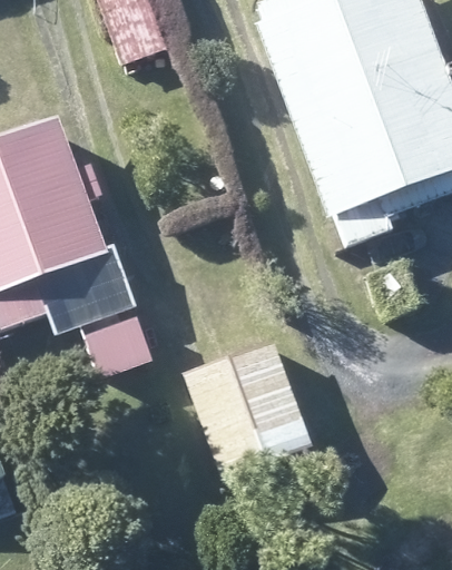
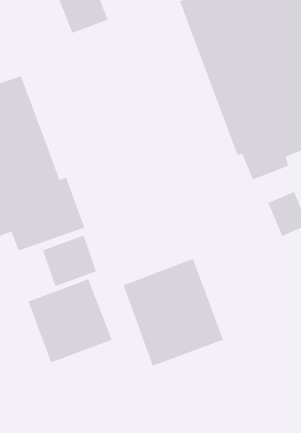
building: none -> [28,279,112,363]

